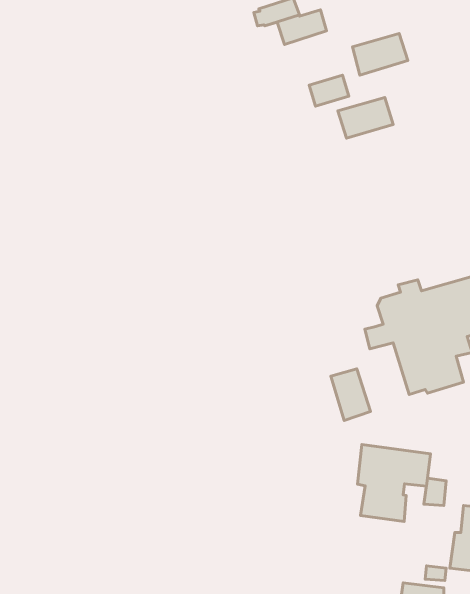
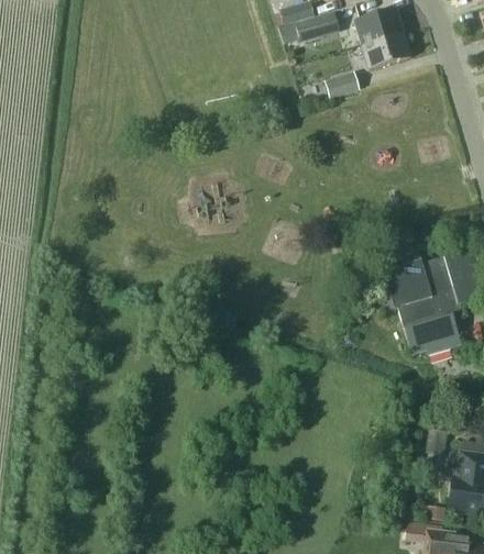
building: [338,97,393,138] -> [354,8,404,44]
building: [331,369,370,421] -> none
building: [358,445,430,521] -> none

